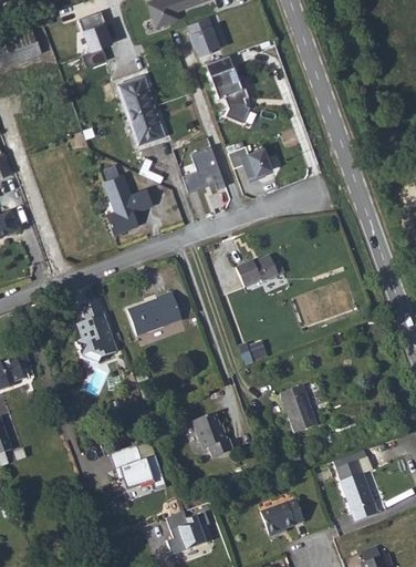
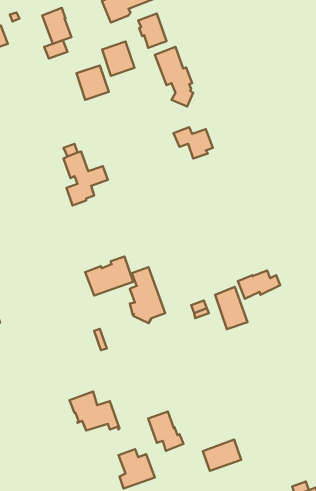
building: [127,105,164,144] -> [102,42,134,76]
building: [181,147,225,192] -> none
building: [236,255,283,287] -> [238,270,280,299]
building: [76,299,116,362] -> [130,267,165,323]
building: [280,384,316,432] -> [215,287,248,329]
building: [193,413,232,457] -> [148,412,183,451]
building: [335,449,377,520] -> none

